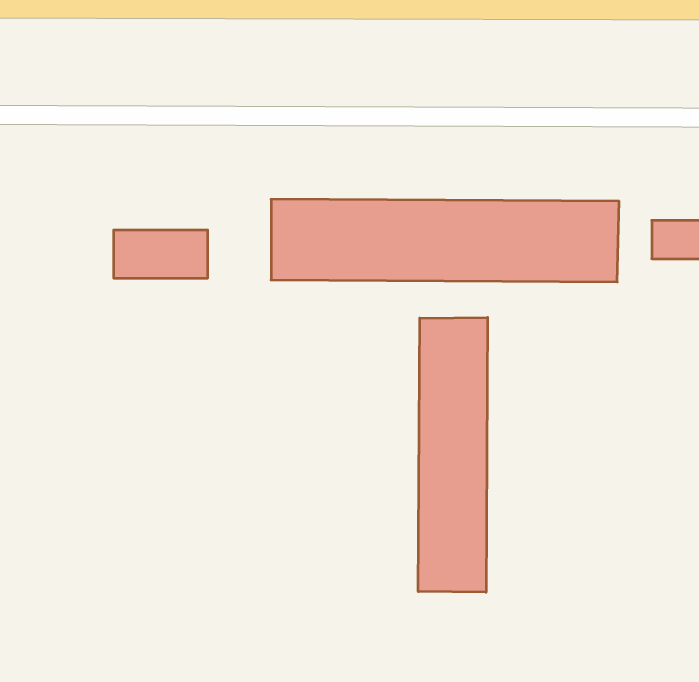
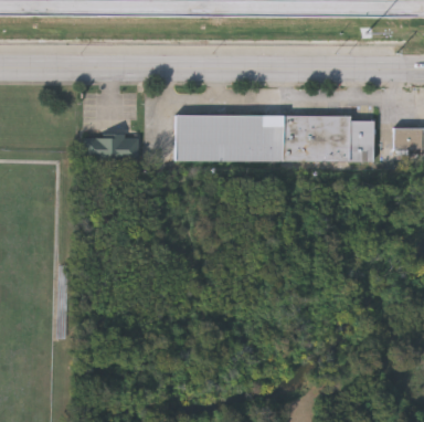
building: [418,317,488,592] -> none

